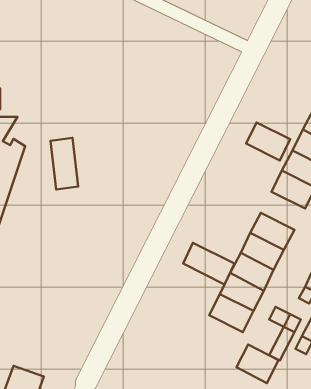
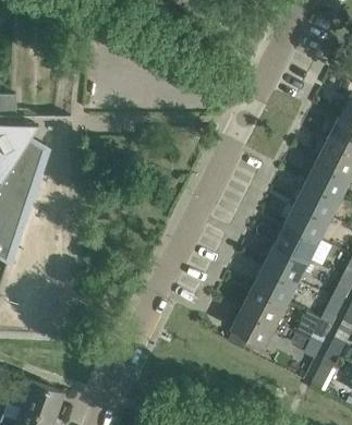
building: [246,122,290,160] -> [286,204,331,243]
building: [51,138,78,190] -> none
building: [183,243,234,284] -> none
building: [236,344,279,383] -> none

